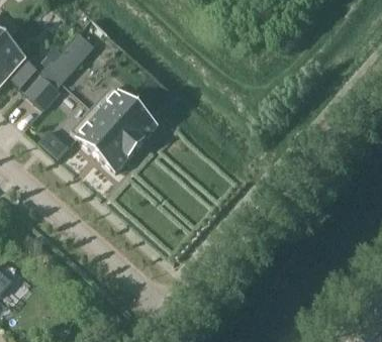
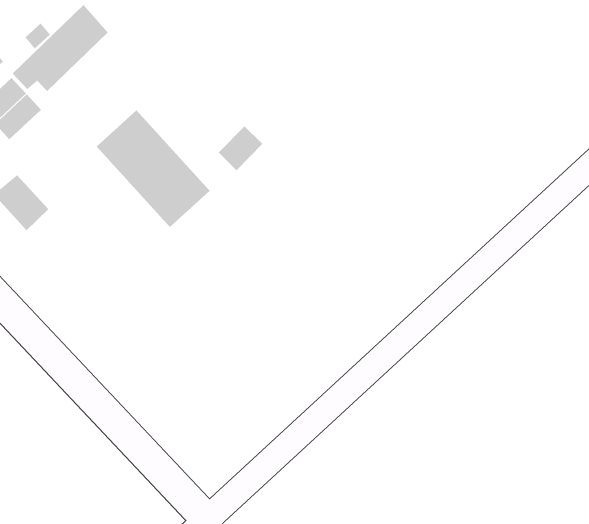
building: [72,107,136,169] -> none

